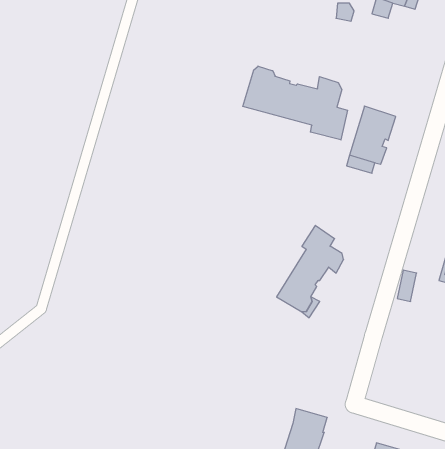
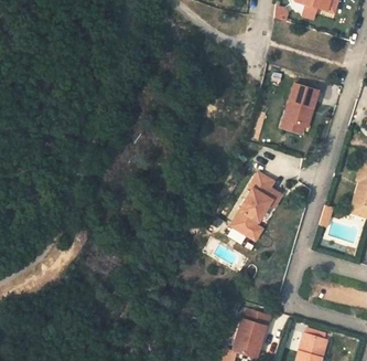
building: [243,66,348,140] -> none

